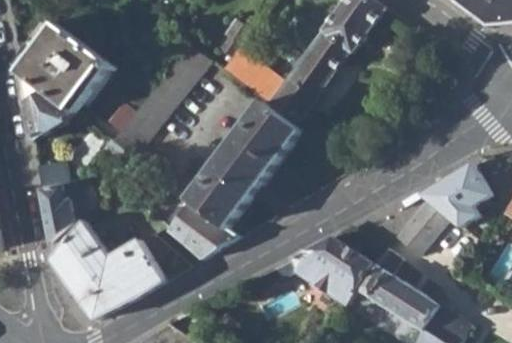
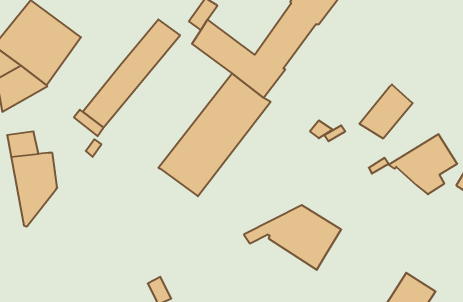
building: [396,197,450,252] -> [359,84,413,138]
building: [166,199,237,256] -> none
building: [53,220,164,319] -> none
building: [357,248,439,330] -> none

